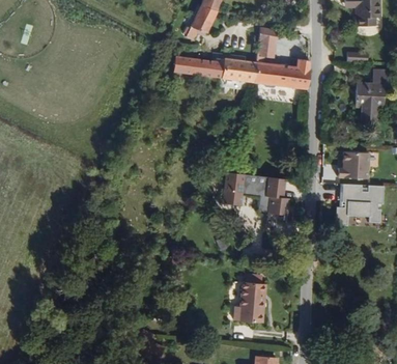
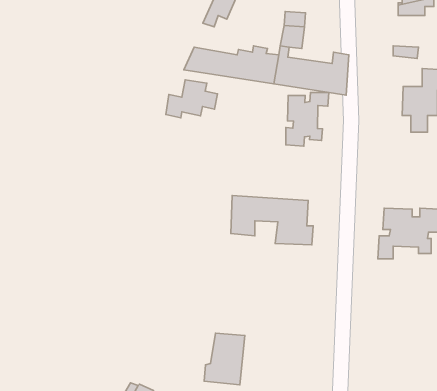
building: none -> [166,80,217,118]
building: none -> [286,92,329,146]
building: [338,151,369,178] -> none
building: [231,281,264,324] -> [204,333,245,385]

